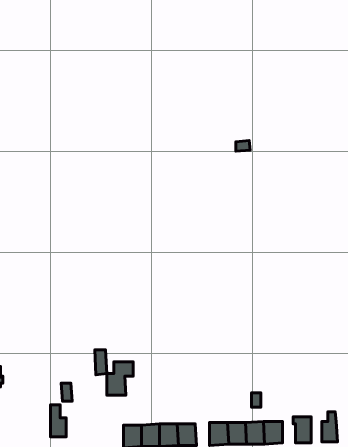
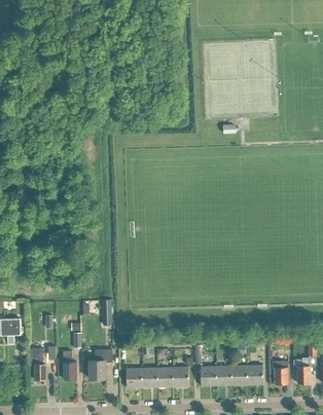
building: [107,362,133,395] -> [89,350,112,379]
building: none -> [30,348,46,380]

